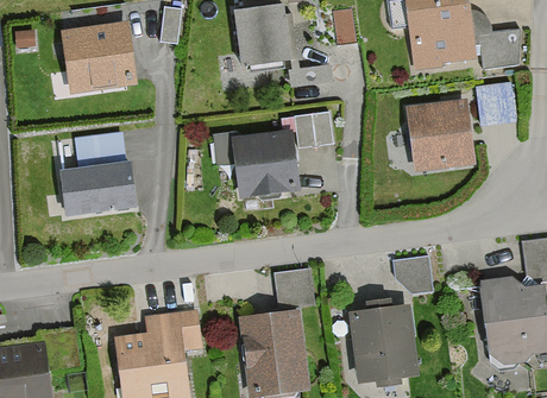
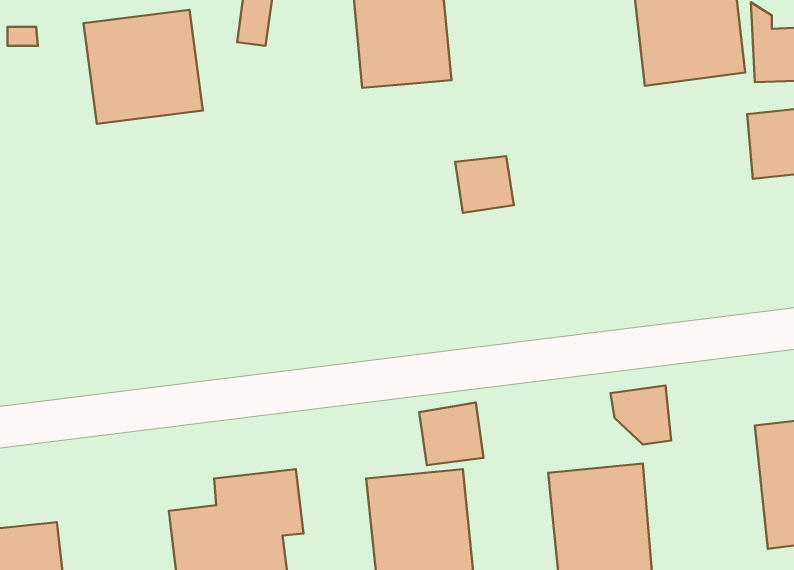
building: [408,100,477,173] -> none
building: [214,131,302,198] -> none
building: [63,133,138,214] -> none

